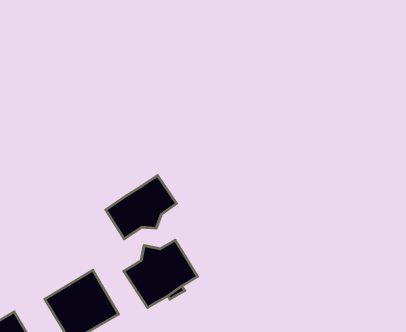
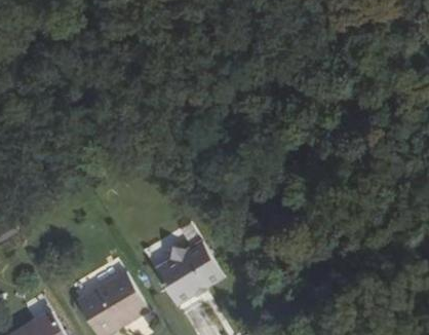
building: [106,176,176,239] -> none

